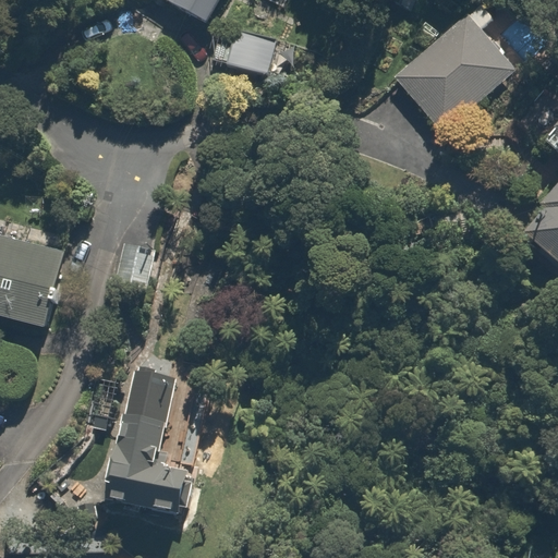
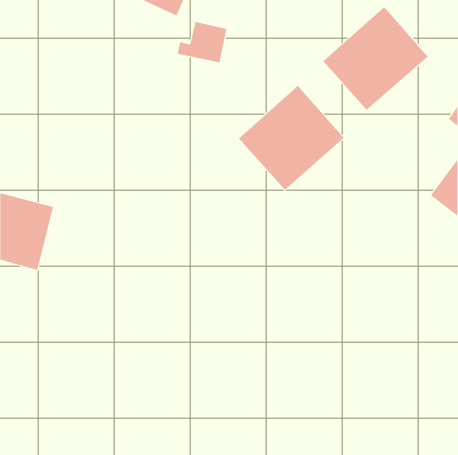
building: none -> [238,85,345,190]
building: [108,386,192,515] -> none

